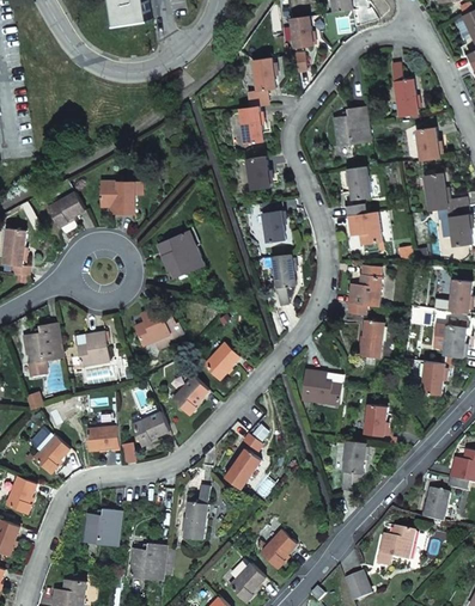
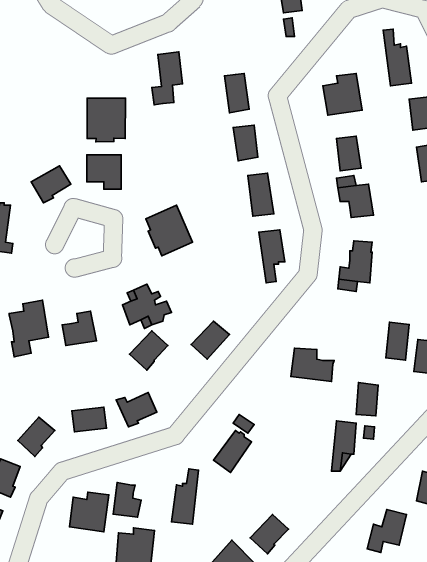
building: [243,53,273,104] -> [152,52,182,105]
building: none -> [87,98,126,142]
building: [358,320,380,357] -> [386,322,409,360]
building: [171,378,208,416] -> [130,331,168,370]
building: none -> [113,483,141,517]

